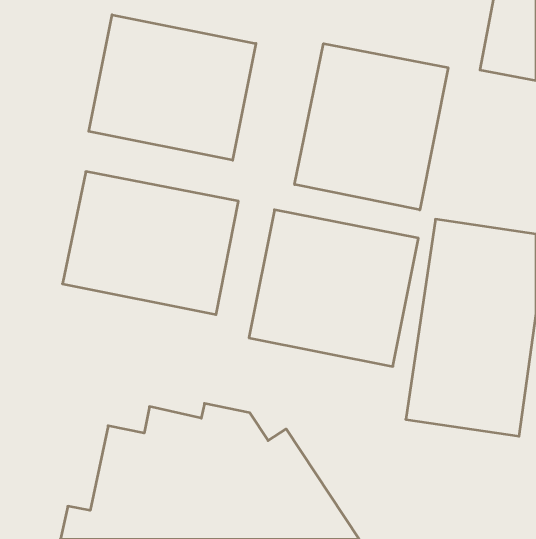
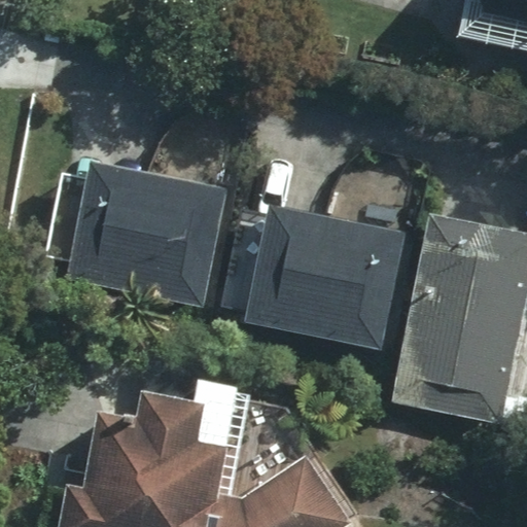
building: [89,15,256,160] -> none
building: [295,44,448,210] -> none

